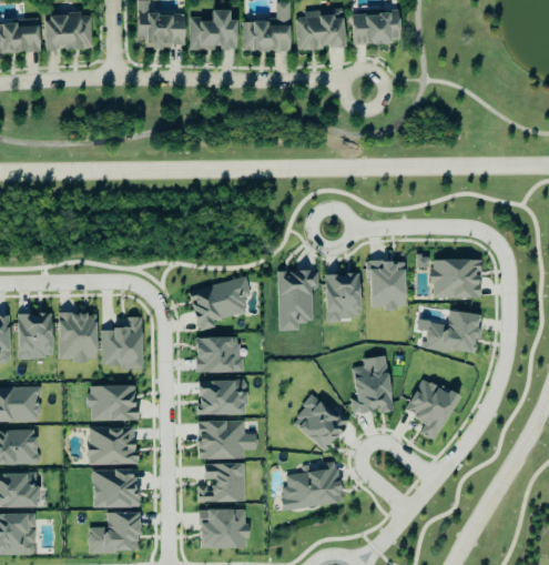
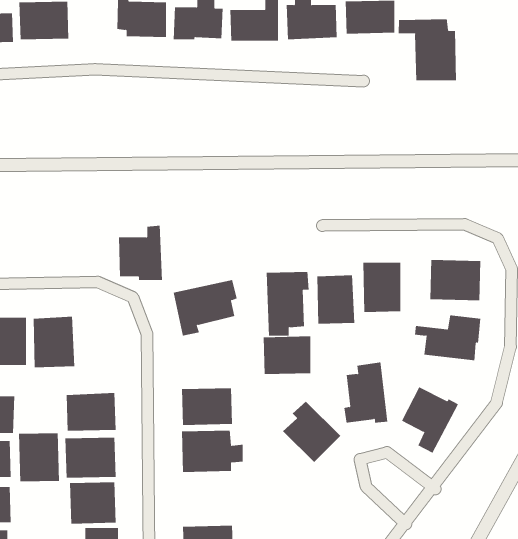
building: none -> [398,18,457,81]
building: [101,316,143,369] -> [118,225,163,280]
building: [195,336,241,373] -> [263,336,311,375]
building: none -> [19,432,59,482]
building: [197,463,245,503] -> none
building: [281,466,342,511] -> none

